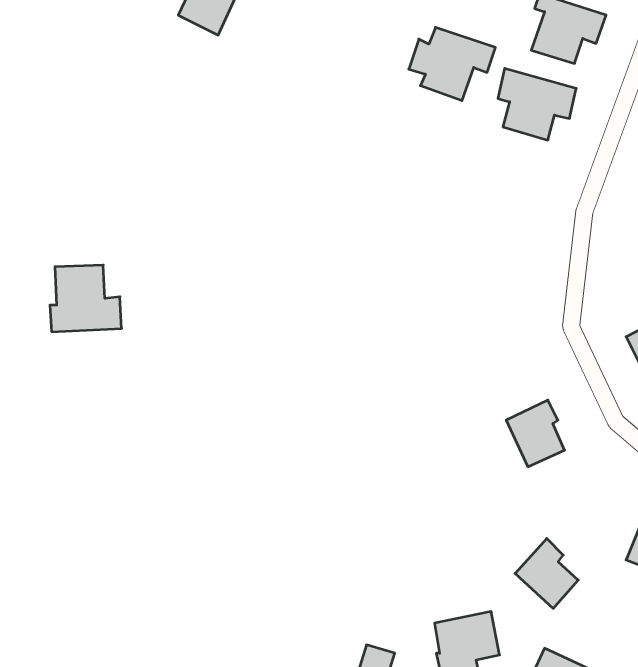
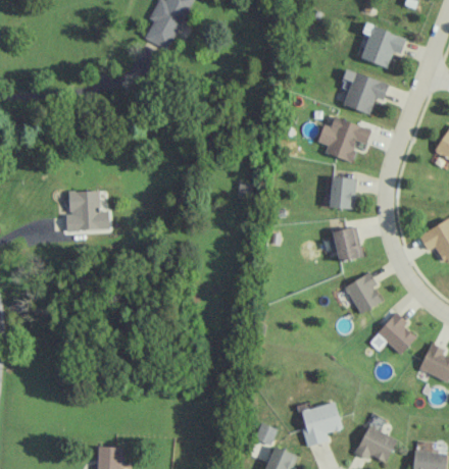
building: [409,27,495,101] -> [317,117,370,162]
building: none -> [330,177,355,209]
building: none -> [332,226,363,263]
building: [515,538,578,608] -> [377,312,415,355]

